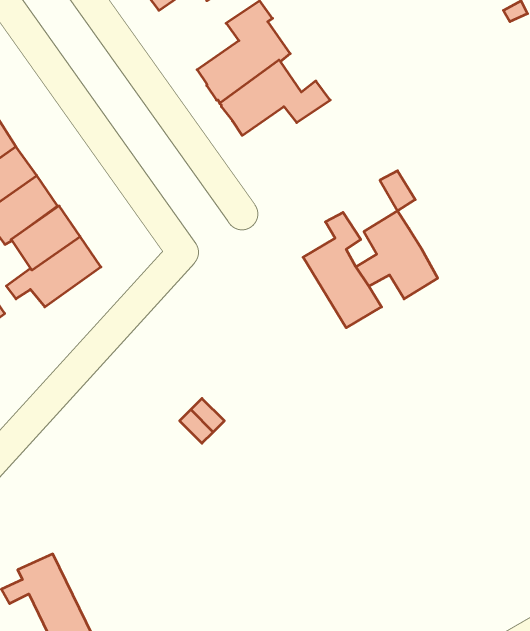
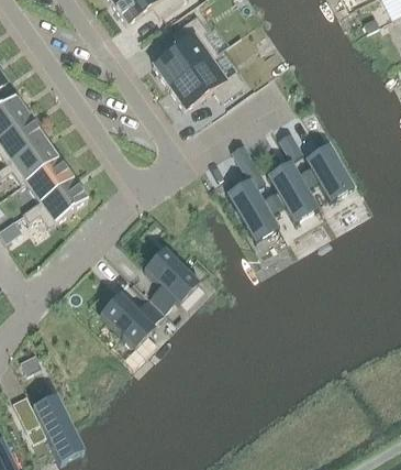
building: none -> [299,143,354,199]
building: none -> [144,247,200,303]
building: none -> [100,292,156,347]

